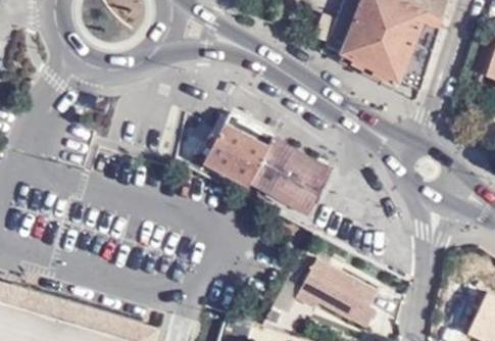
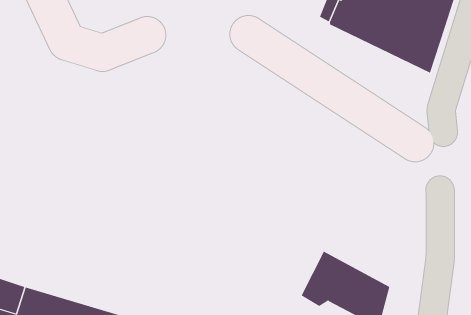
building: [205,110,333,214] -> none

